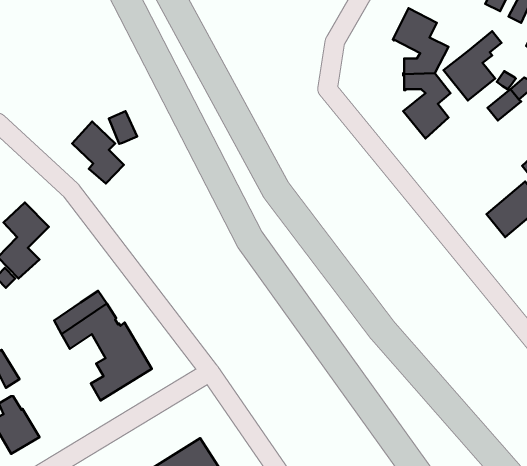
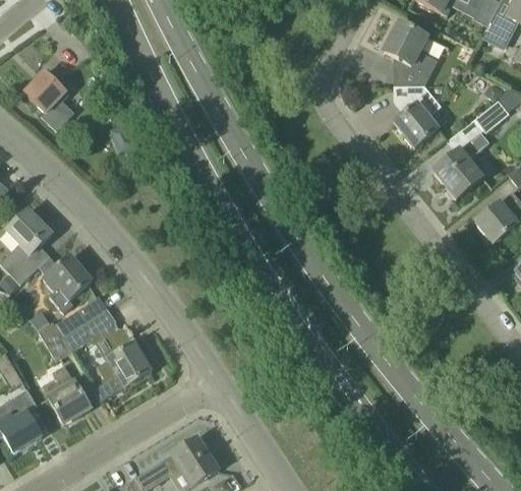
building: [444,31,501,101] -> [432,131,488,198]
building: [72,122,124,184] -> [24,70,74,130]
building: none -> [43,254,92,311]
building: none -> [38,320,71,360]
building: none -> [48,364,91,423]

